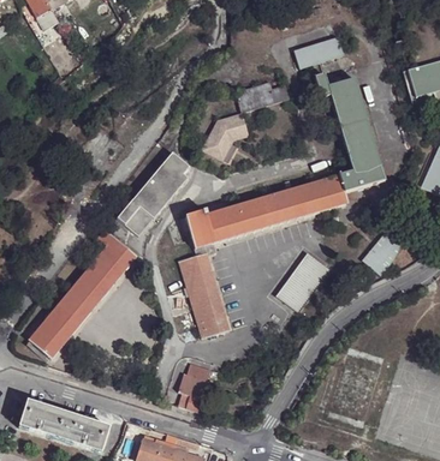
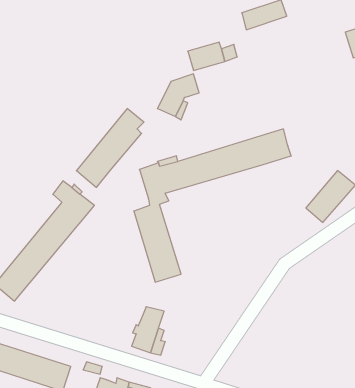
building: [314,72,385,191] -> none
building: [277,252,328,310] -> none

